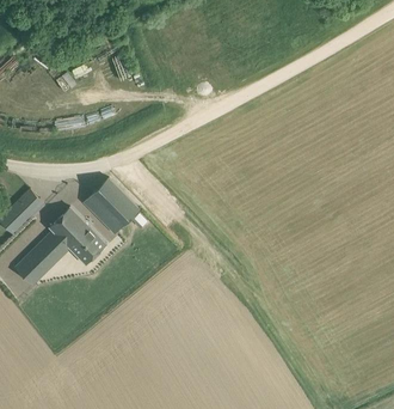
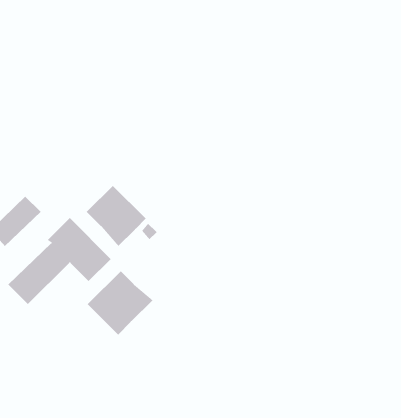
building: none -> [87,271,154,335]

